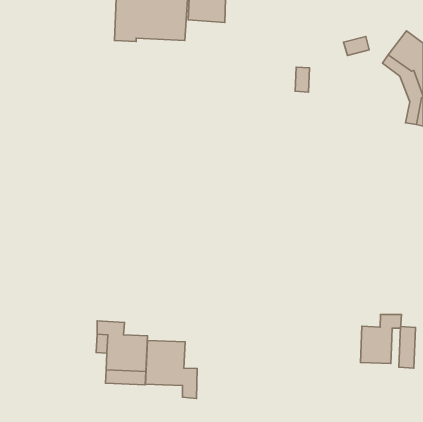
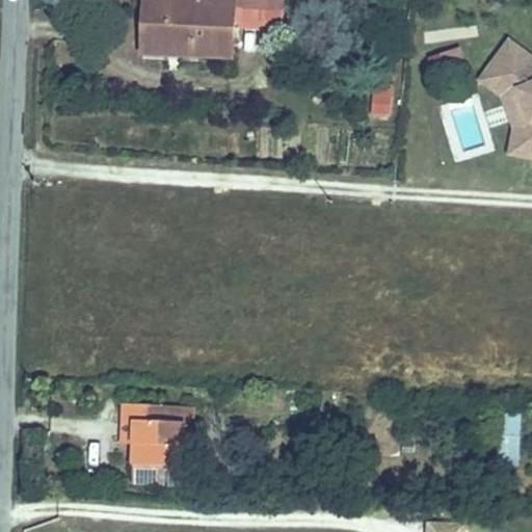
building: [361,314,401,364] -> none
building: [146,341,197,398] -> none

